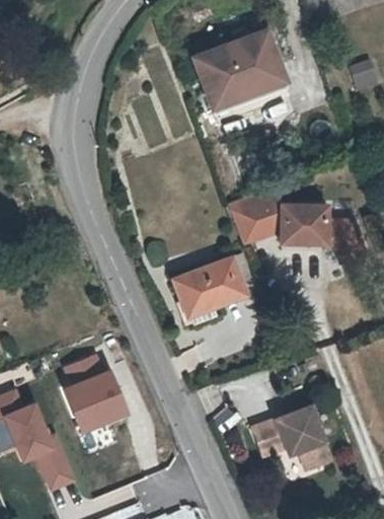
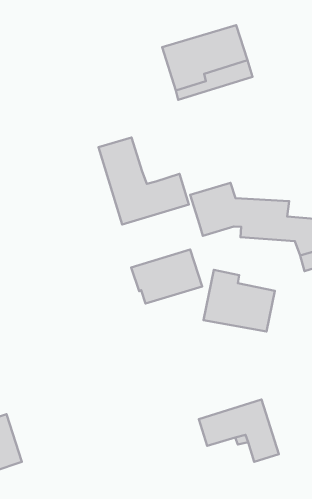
building: none -> [99,137,189,225]
building: none -> [203,270,275,332]
building: [61,356,128,434] -> none

